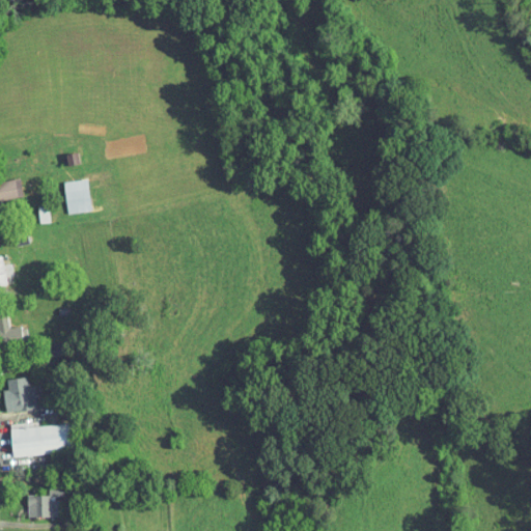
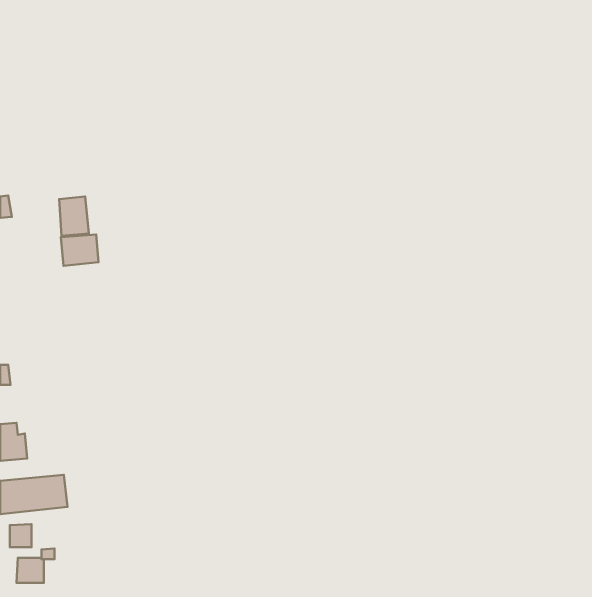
building: none -> [61,234,98,266]
building: none -> [10,524,32,547]

